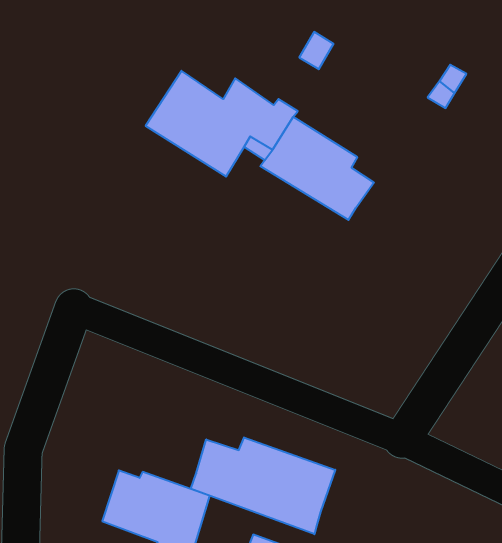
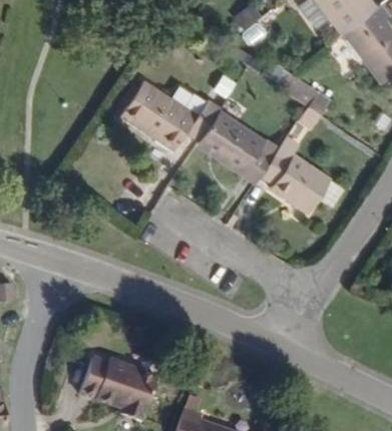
building: none -> [255,144,323,223]
building: [191,437,335,534] -> none

